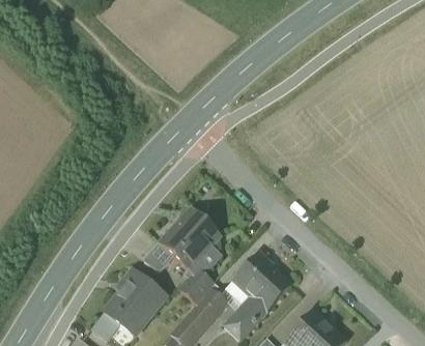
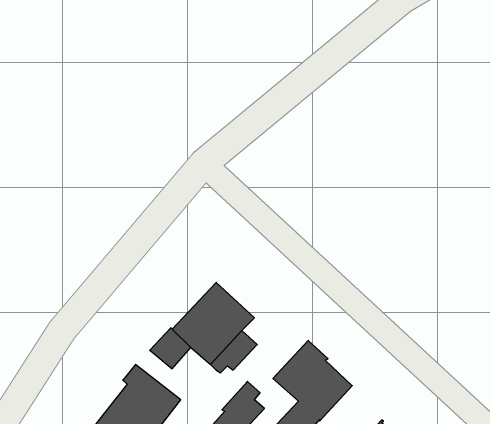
building: [179,270,216,302] -> none

